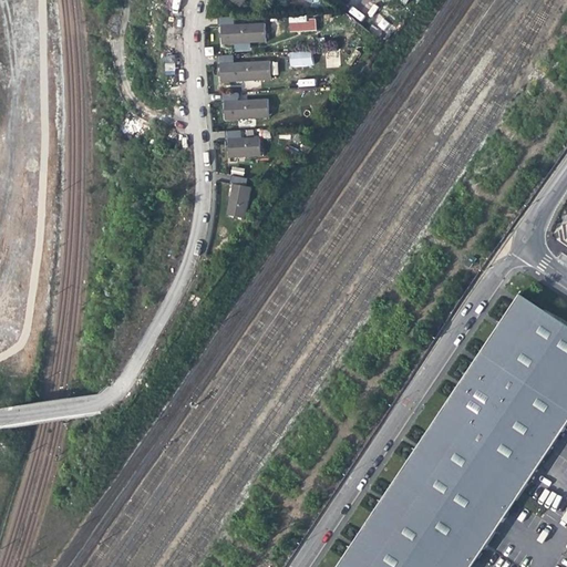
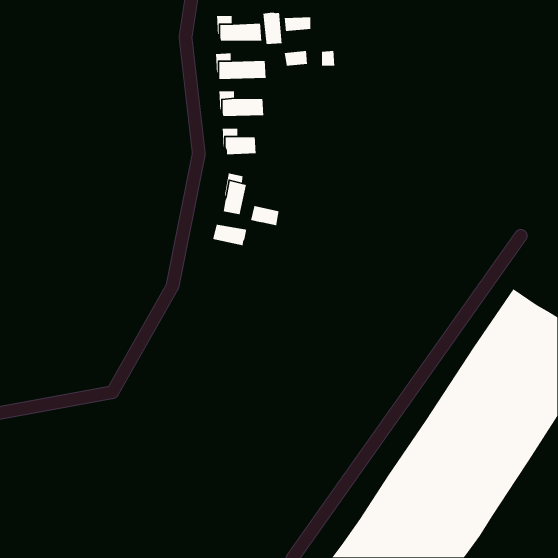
building: none -> [262,12,282,45]
building: none -> [250,205,280,226]
building: none -> [212,224,247,246]

